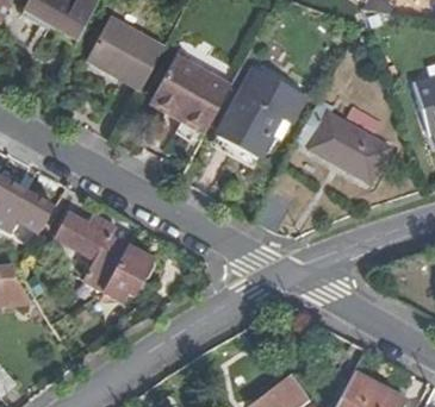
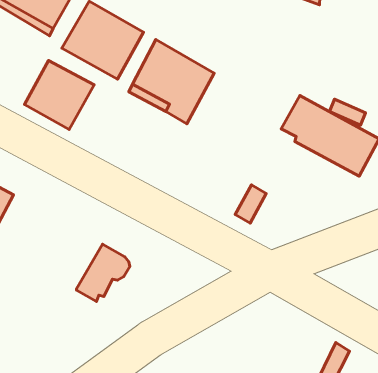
building: [218,65,305,152] -> none
building: none -> [25,60,94,130]
building: [57,213,128,289] -> none

